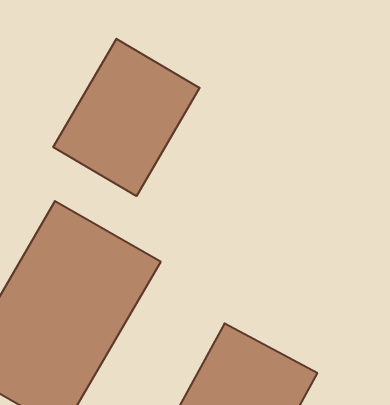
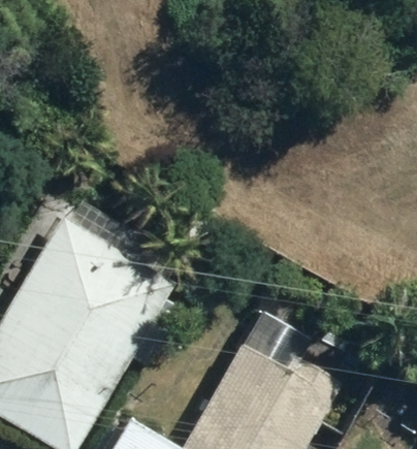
building: [53,39,200,196] -> none

